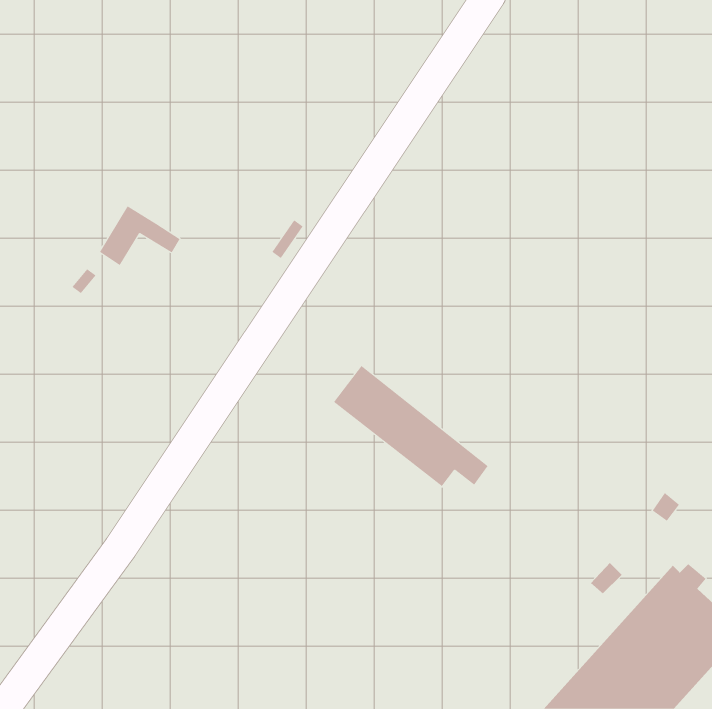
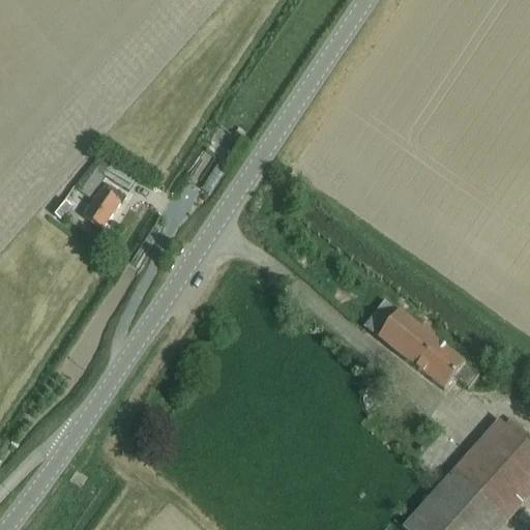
building: none -> [84,187,121,228]
building: [333,365,488,487] -> [364,298,479,388]

